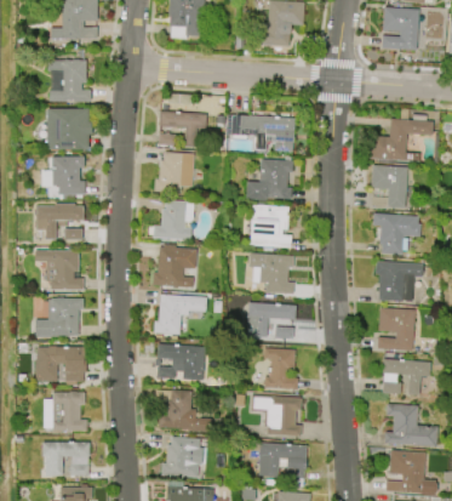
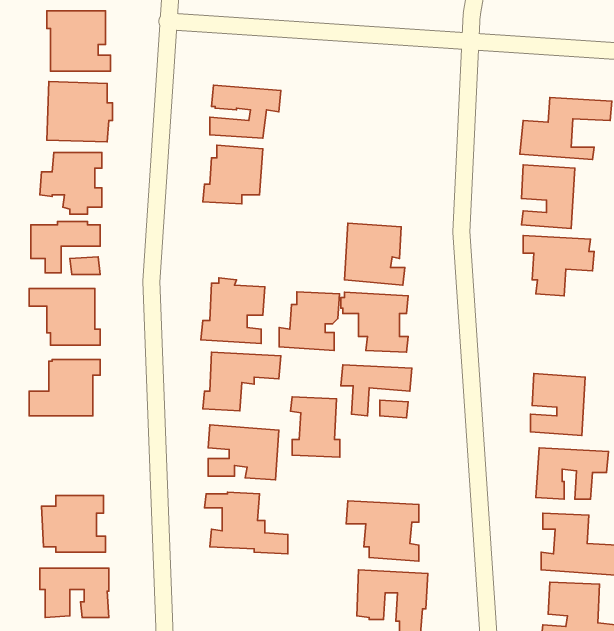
building: [231,115,294,152] -> none
building: [246,159,293,200] -> none
building: [154,200,195,240] -> [279,292,339,350]
building: [376,261,423,302] -> none
building: [36,347,87,386] -> none
building: [264,348,298,389] -> [290,397,340,457]
building: [161,437,204,478] -> none

